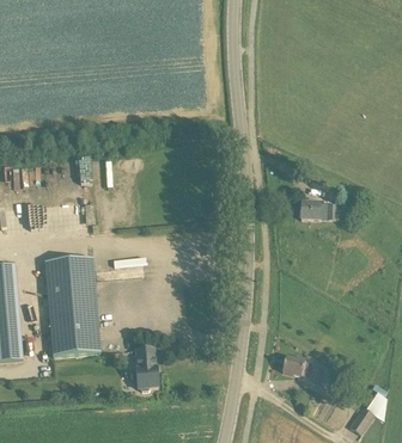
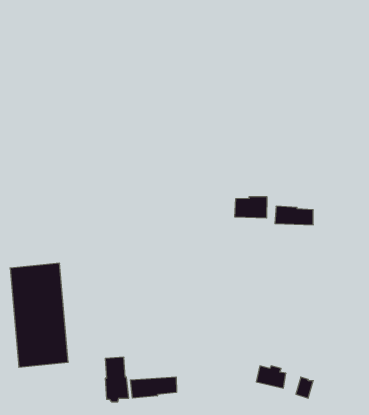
building: none -> [235,197,267,218]
building: none -> [130,377,176,398]

